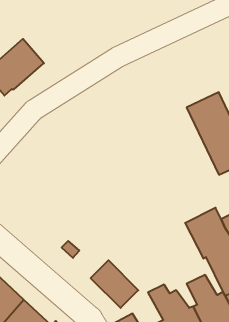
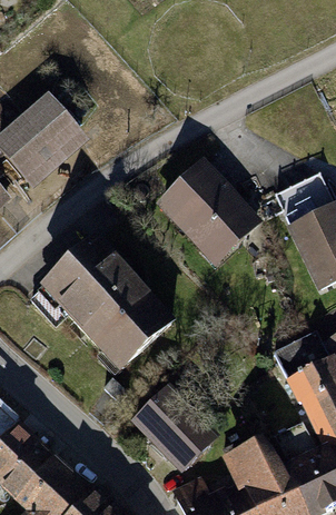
building: none -> [165,167,256,259]
building: none -> [32,241,171,368]

